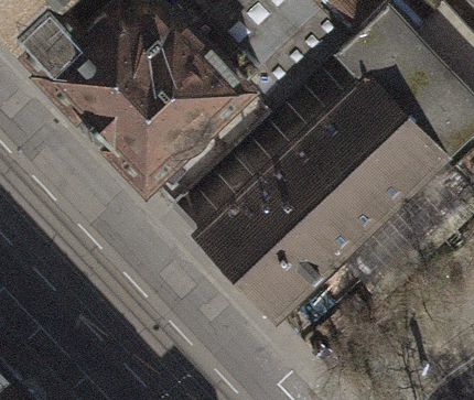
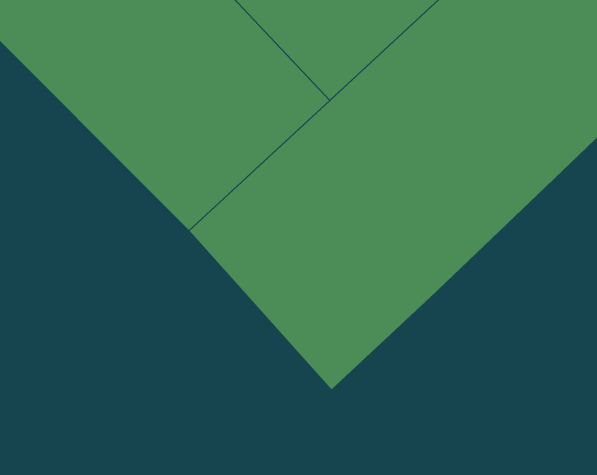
building: [346,180,454,285] -> none

